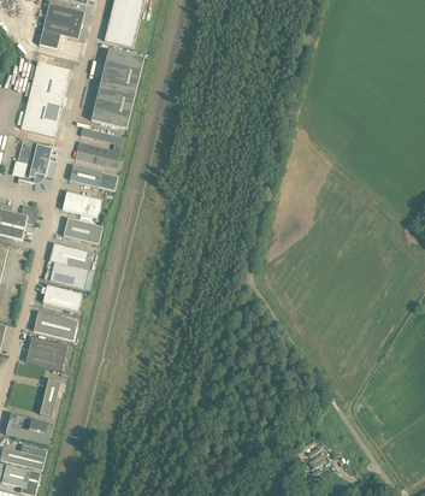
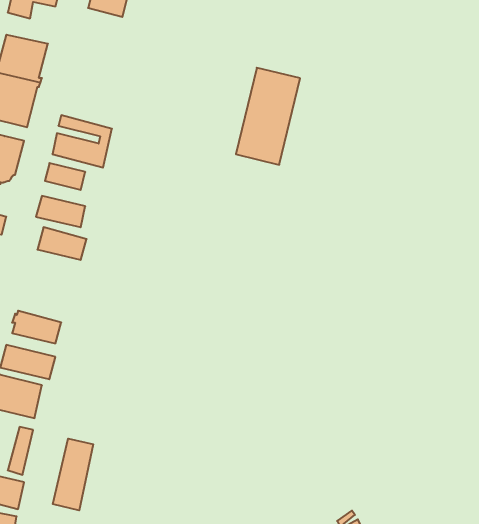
building: [90,49,142,128] -> [236,68,300,165]
building: [45,243,93,290] -> none
building: none -> [53,439,93,510]

